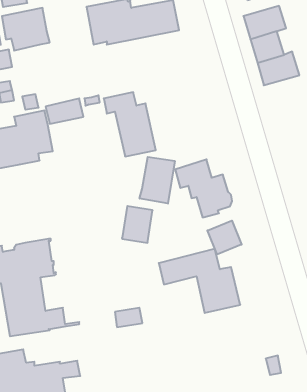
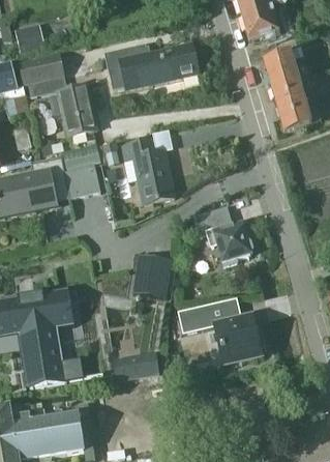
building: none -> [49,82,97,137]
building: none -> [64,164,100,198]
building: [140,157,175,204] -> none
building: [207,221,242,254] -> none

